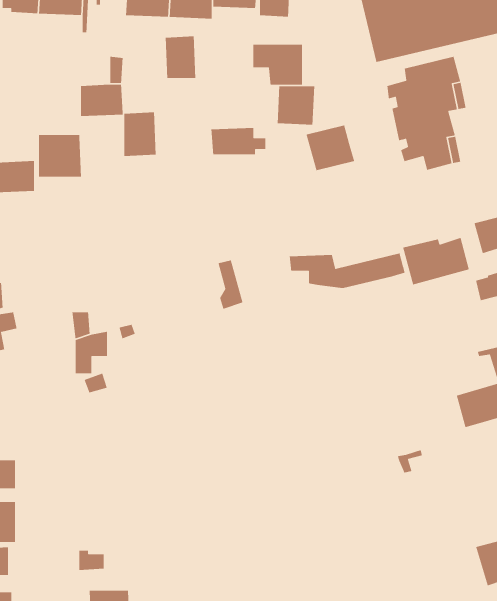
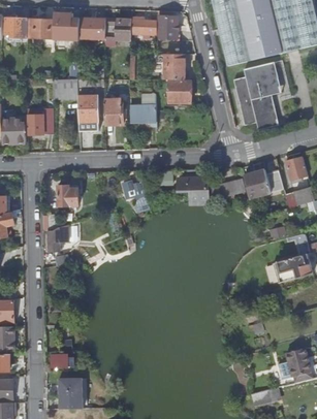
building: [165,35,196,79] -> [103,99,122,125]
building: [305,125,355,171] -> none
building: none -> [56,185,77,205]

